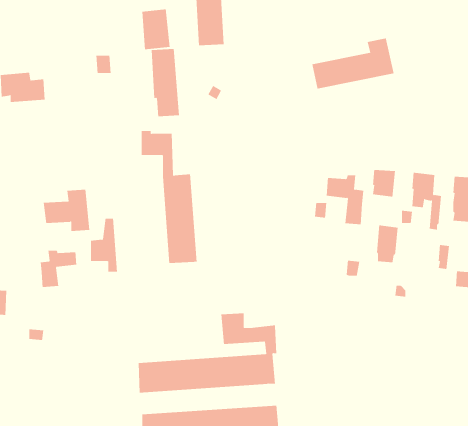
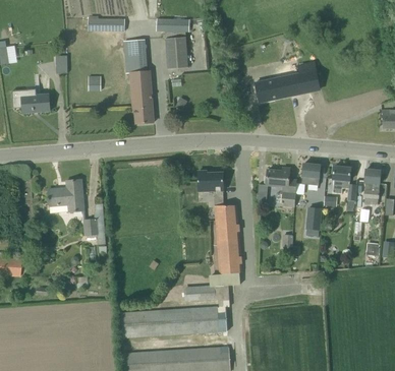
building: [141,131,198,263] -> [198,171,241,273]
building: [40,250,77,288] -> none

